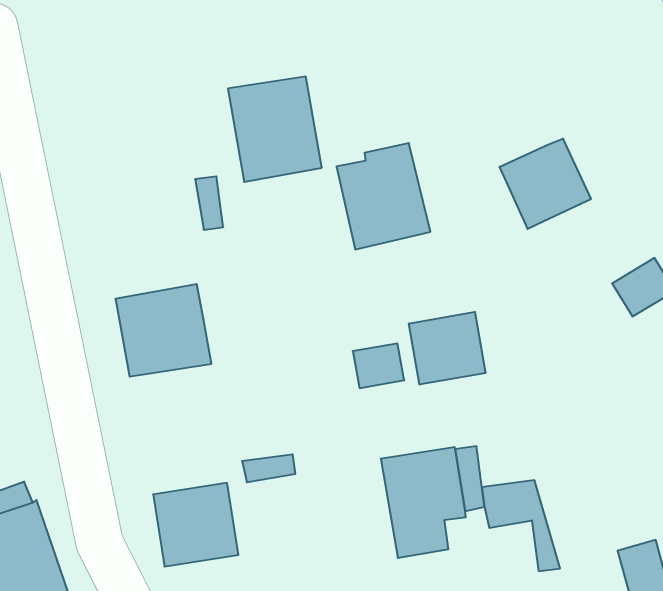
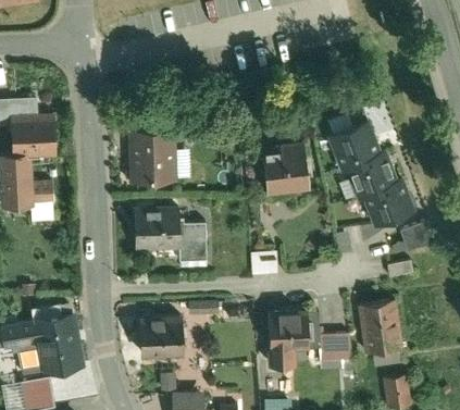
building: [228,76,322,182] -> [132,133,177,186]
building: none -> [328,119,376,165]
building: none -> [369,184,414,228]
building: none -> [175,223,201,261]
building: [409,312,486,385] -> none
building: none -> [362,307,399,356]

